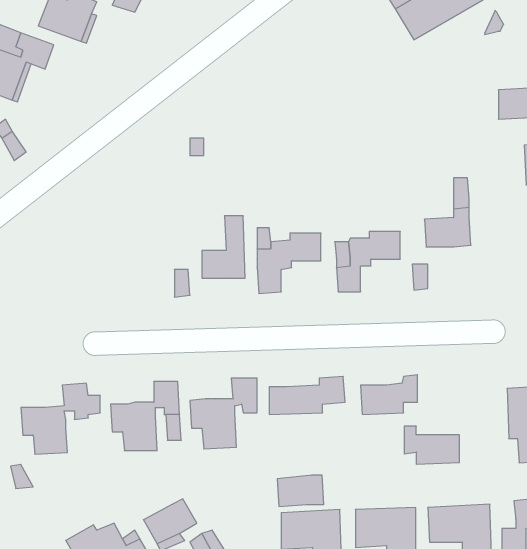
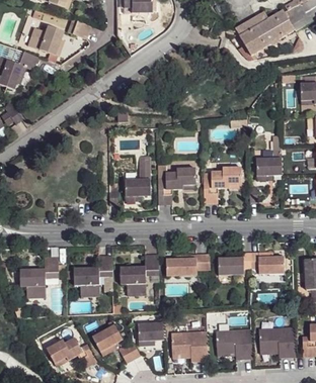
building: [404,426,459,464] -> [251,251,284,273]
building: [277,475,324,506] -> [136,321,163,340]

